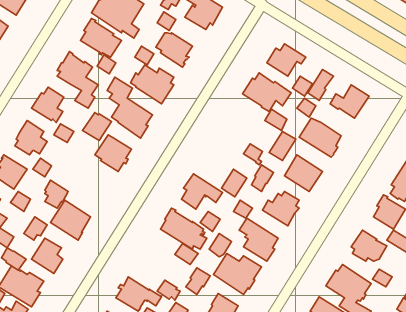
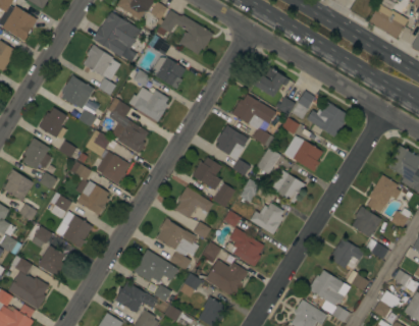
building: none -> [216,124,249,159]
building: none -> [192,157,221,191]
building: none -> [69,161,109,215]
building: none -> [133,250,177,281]

